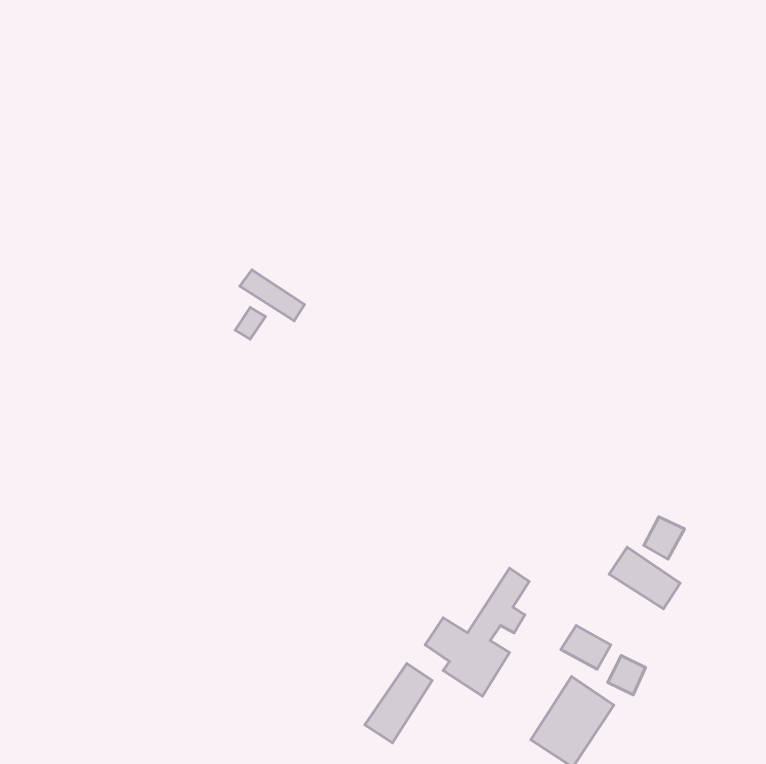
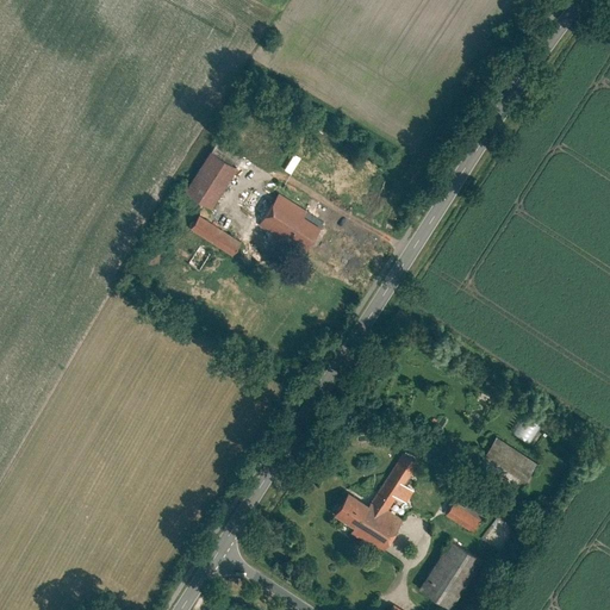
building: none -> [186,144,244,210]
building: none -> [260,194,323,256]
building: [365,663,432,743] -> none

